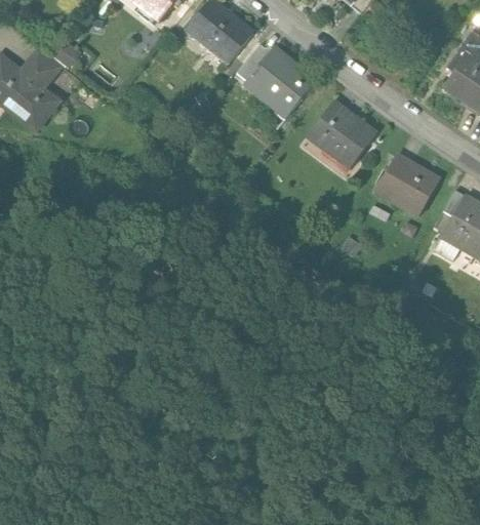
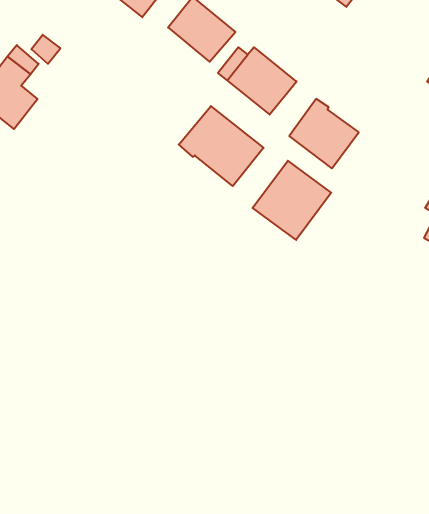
building: none -> [179,106,264,186]
building: [375,155,439,214] -> none
building: none -> [253,161,331,240]

